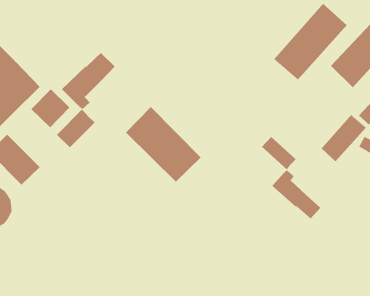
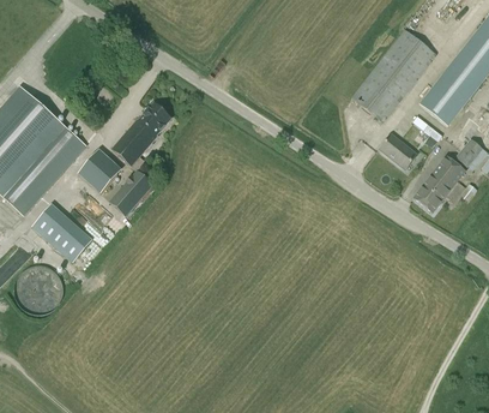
building: none -> [380,132,417,168]
building: [125,106,202,183] -> none
building: [261,136,321,219] -> none

